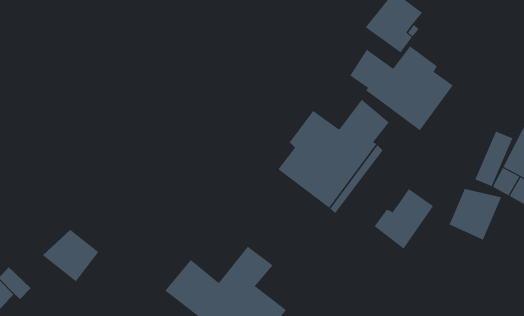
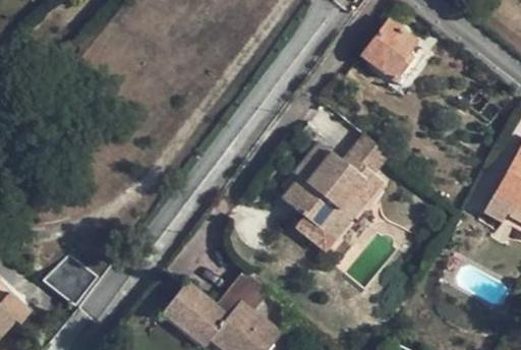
building: [350,46,453,131] -> none
building: [374,188,434,249] -> none
building: [449,188,502,240] -> none

